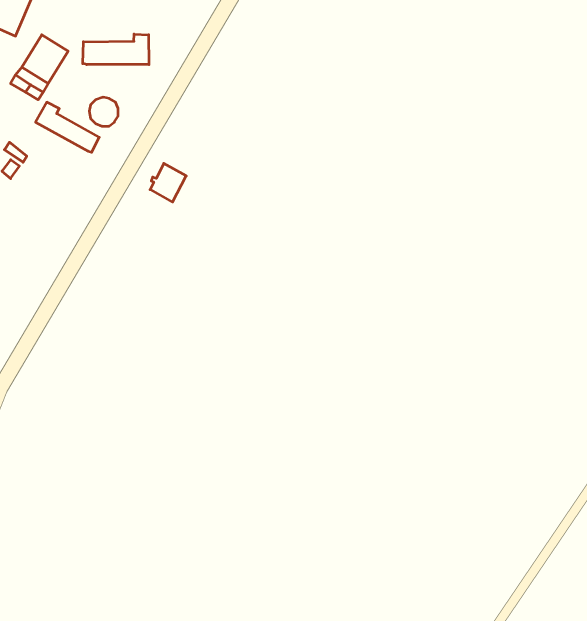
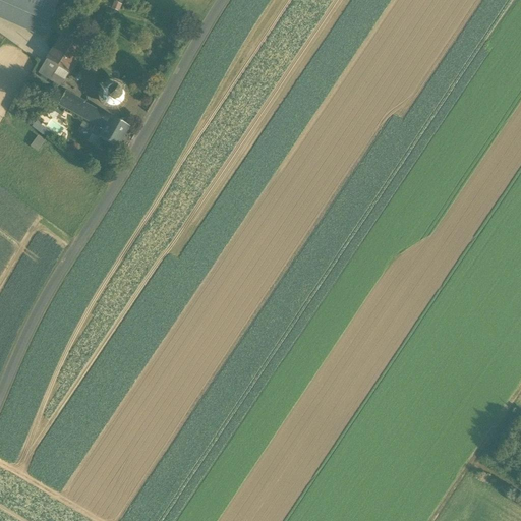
building: [83,34,149,65] -> none
building: [150,163,186,202] -> [98,114,127,146]

